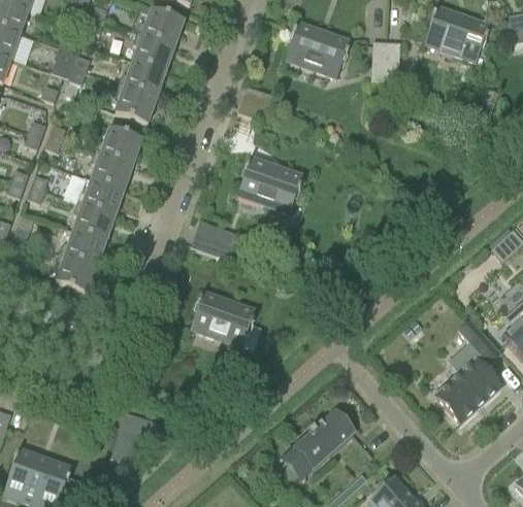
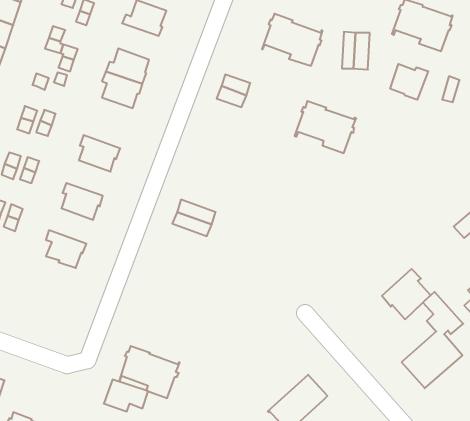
building: [132,31,175,70] -> none
building: none -> [390,64,428,100]
building: [95,126,141,165] -> none
building: [237,156,303,211] -> [295,101,356,153]
building: [76,177,124,215] -> none
building: [58,229,105,267] -> none
building: [191,291,256,346] -> [119,346,180,398]
building: none -> [382,269,431,319]

